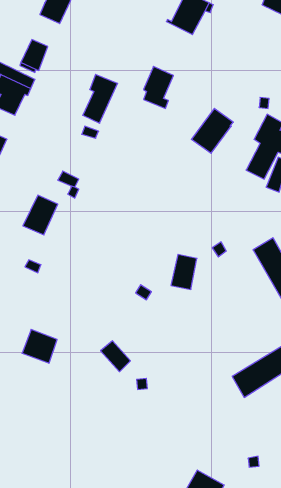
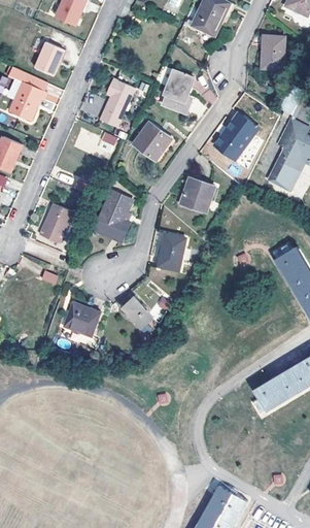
building: none -> [259,35,285,75]
building: none -> [133,123,170,160]
building: none -> [178,177,212,212]
building: none -> [95,191,132,240]
building: [171,254,197,289] -> [158,236,184,272]
building: [22,329,57,363] -> [64,304,100,339]
building: [101,341,130,372] -> [120,298,151,330]

